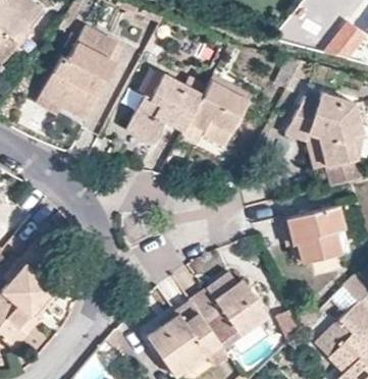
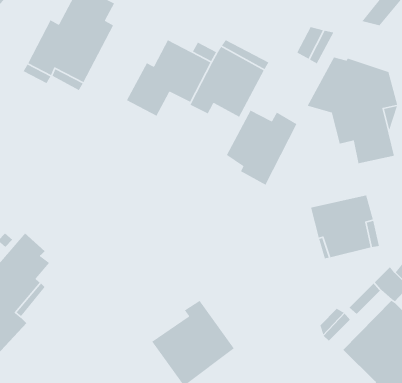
building: none -> [226,110,298,186]
building: [190,273,268,349] -> none

